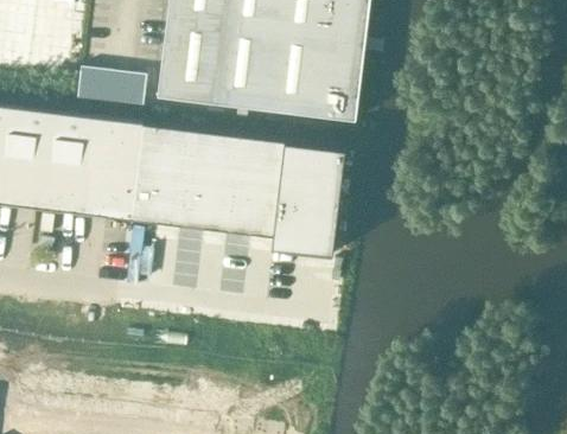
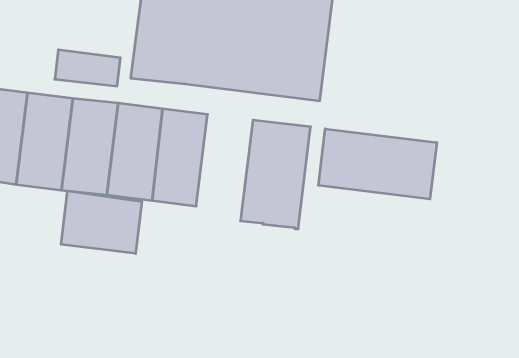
building: [225,135,285,237] -> none
building: none -> [318,129,437,199]
building: none -> [61,191,142,254]

